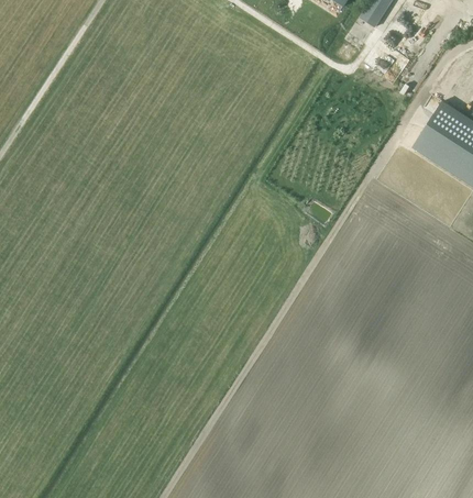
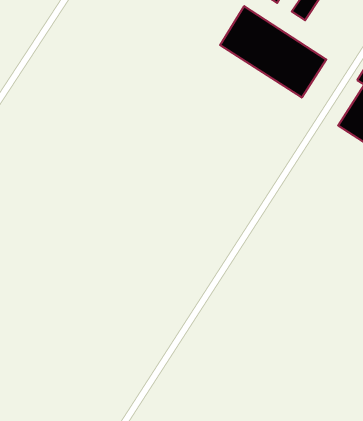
building: none -> [220,6,326,98]

